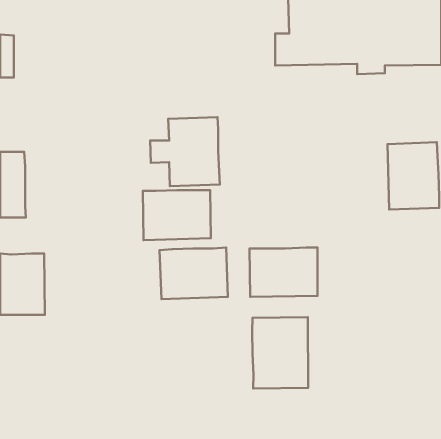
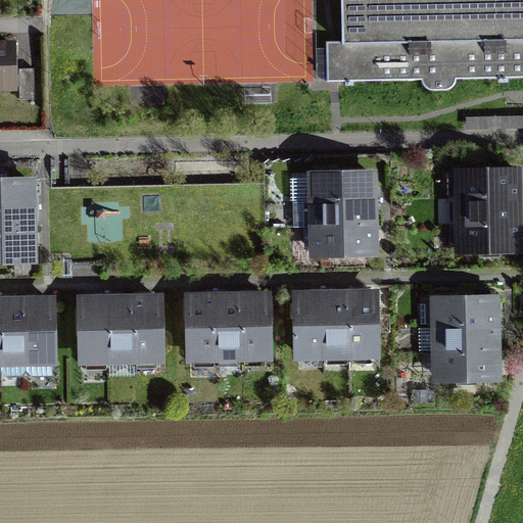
building: [150,117,220,186] -> [291,172,374,253]
building: [143,190,211,240] -> [80,297,160,356]
building: none -> [434,297,497,375]
building: [252,317,308,389] -> none

